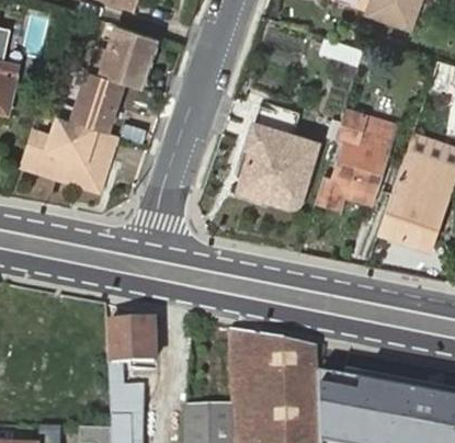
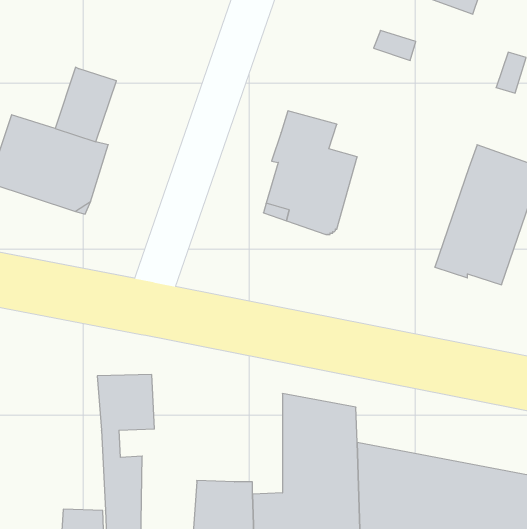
building: [92,25,160,88] -> none
building: [317,109,393,207] -> none
building: [229,328,257,414] -> none

